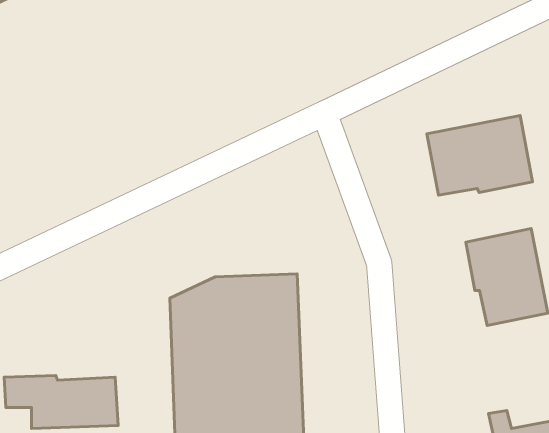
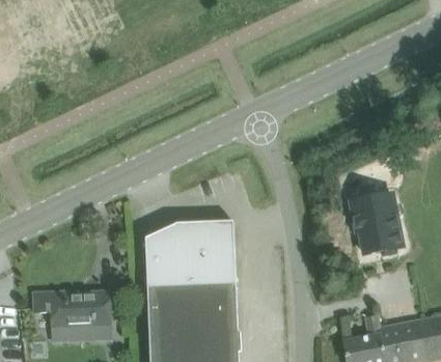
building: [427,115,532,195] -> none

